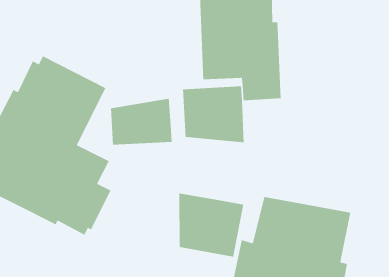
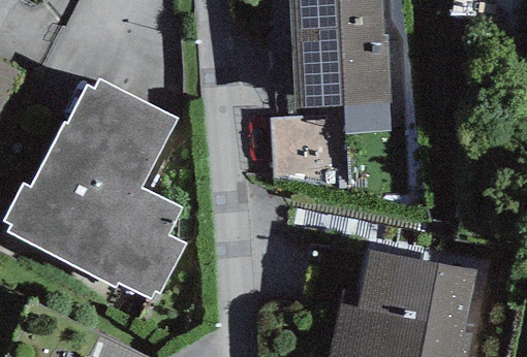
building: [110,98,172,146] -> none
building: [179,192,244,258] -> none

